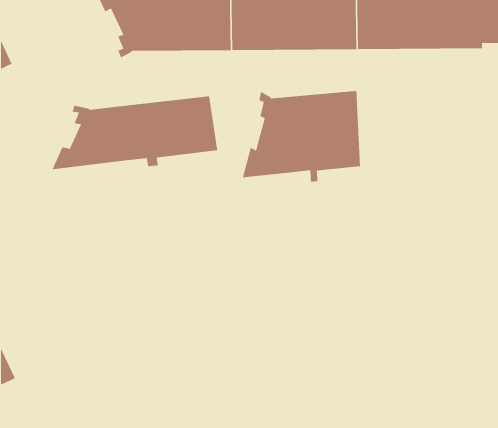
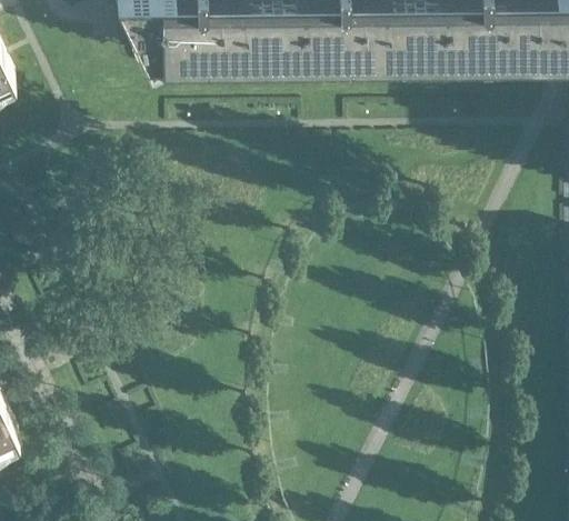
building: [242,90,360,183] -> none
building: [52,95,218,170] -> none

